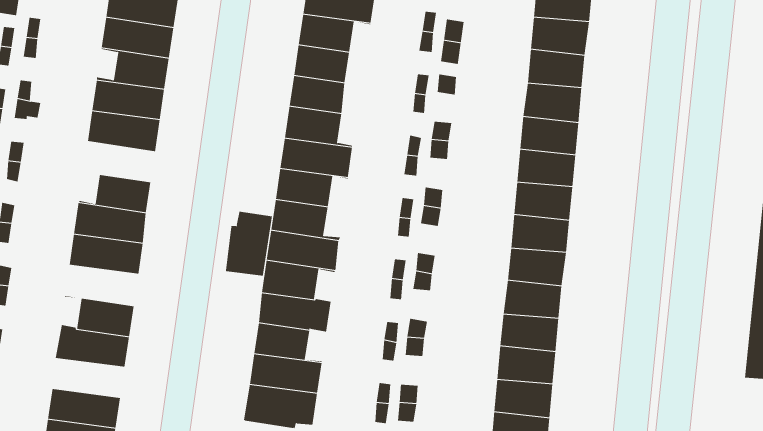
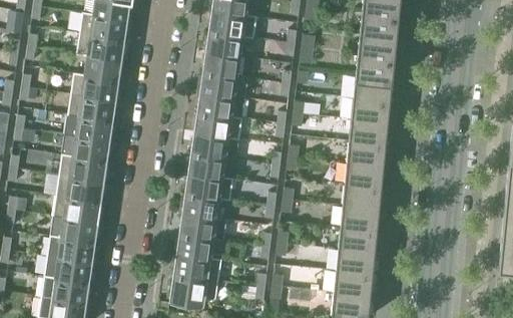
building: none -> [67,114,112,141]
building: [222,211,273,277] -> none
building: none -> [52,196,101,223]
building: none -> [44,257,92,283]

